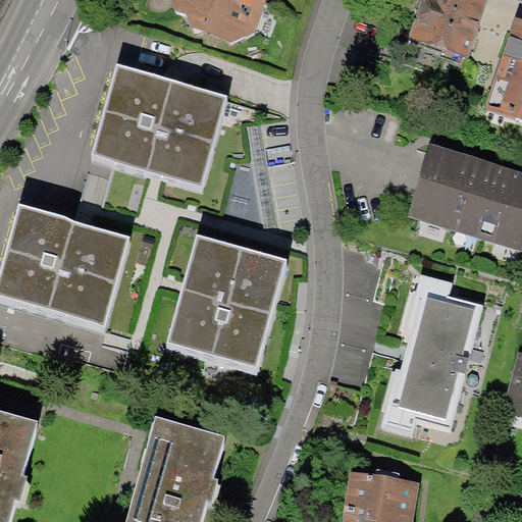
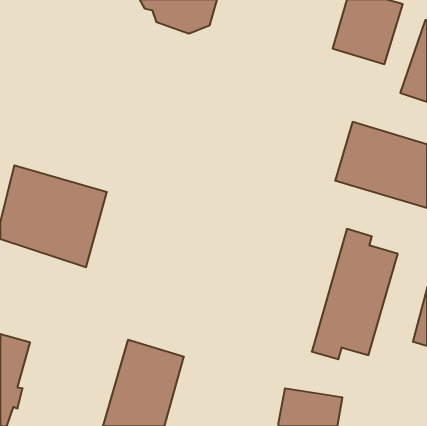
building: [92,61,228,181] -> none
building: [166,234,289,368] -> none

